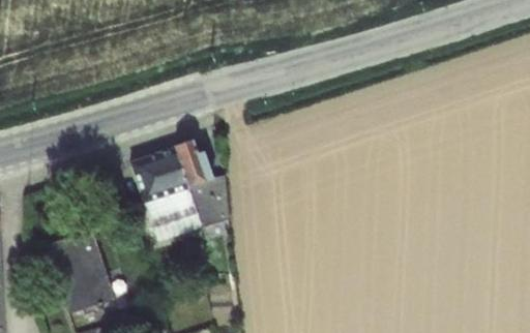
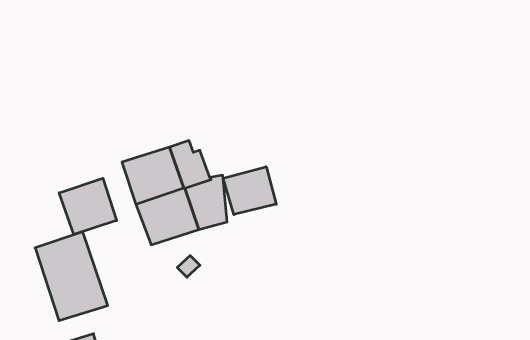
building: none -> [223,167,276,215]
building: none -> [59,178,117,235]

